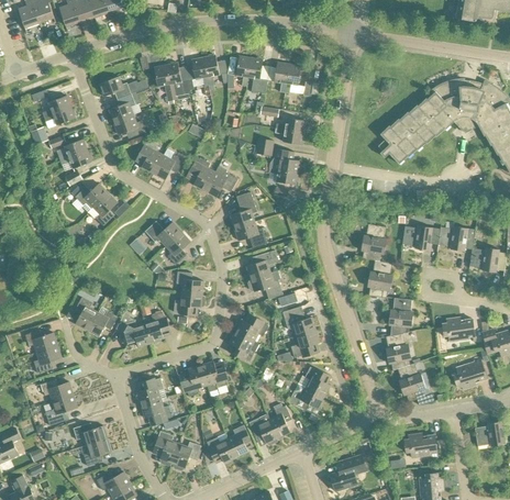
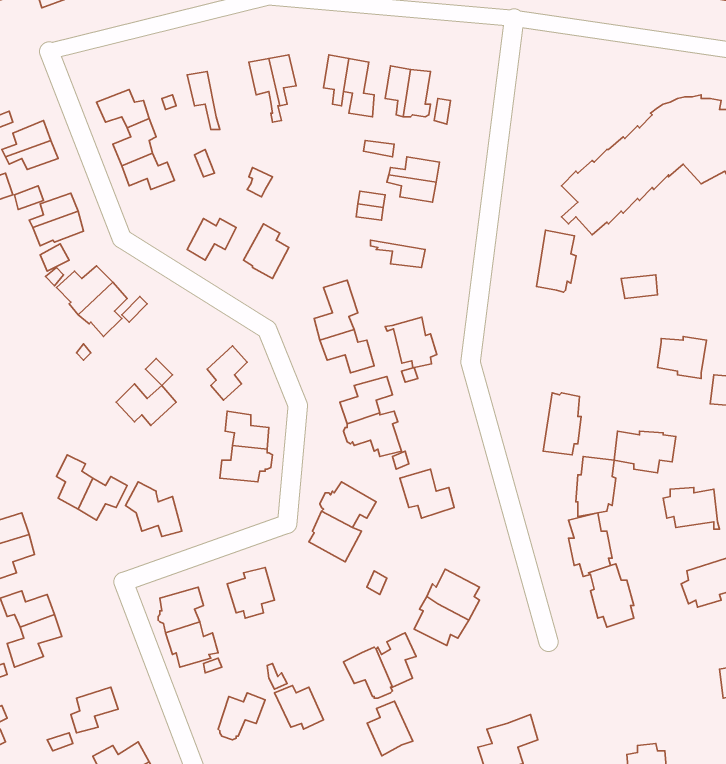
building: [166,62,191,100] -> none
building: [136,140,164,173] -> none
building: [265,148,300,173] -> none
building: [206,165,239,197] -> none
building: none -> [385,317,437,368]
building: [145,220,181,245] -> [116,384,176,426]
building: [363,223,387,260] -> [536,230,576,292]
building: [403,225,441,251] -> [614,431,676,473]
building: [145,311,171,343] -> none
building: [291,329,320,357] -> none
building: [201,360,229,391] -> none
building: [74,423,108,444] -> none
building: [228,424,255,457] -> [367,701,413,756]
building: [154,431,179,465] -> none
building: [404,432,439,457] -> none

